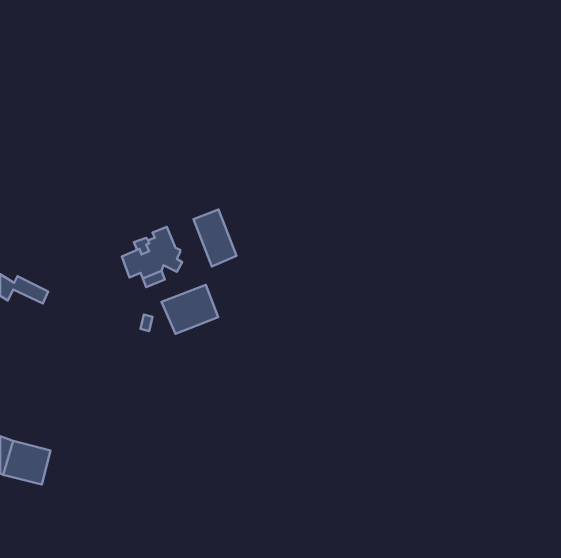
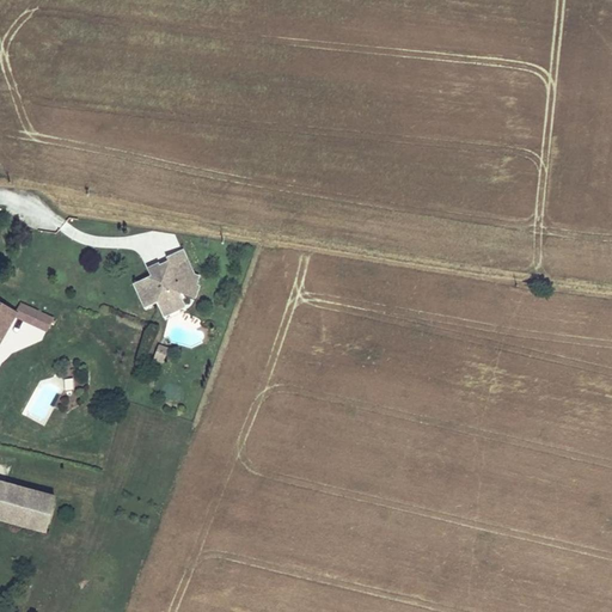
building: [194,209,237,267] -> none
building: [162,285,218,334] -> none

